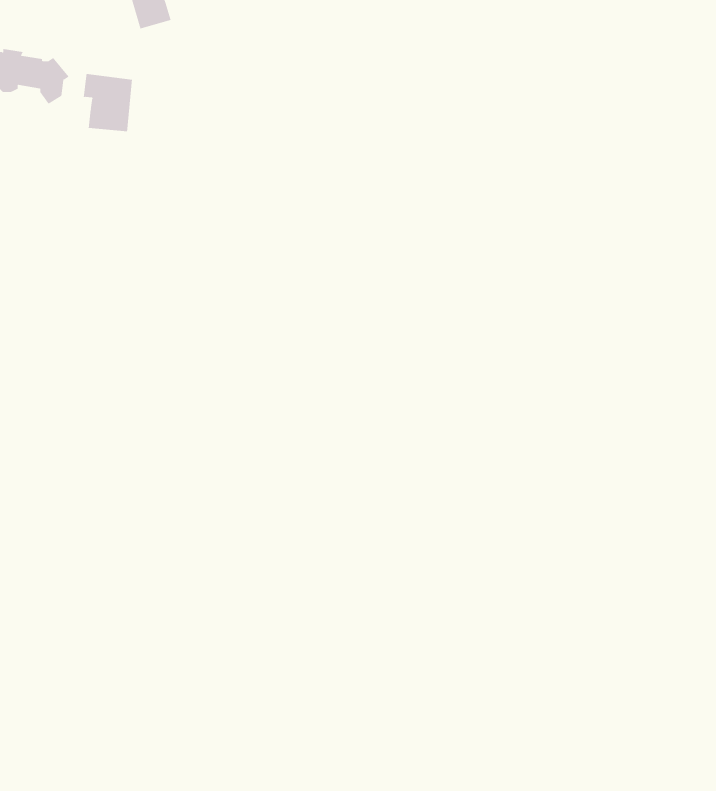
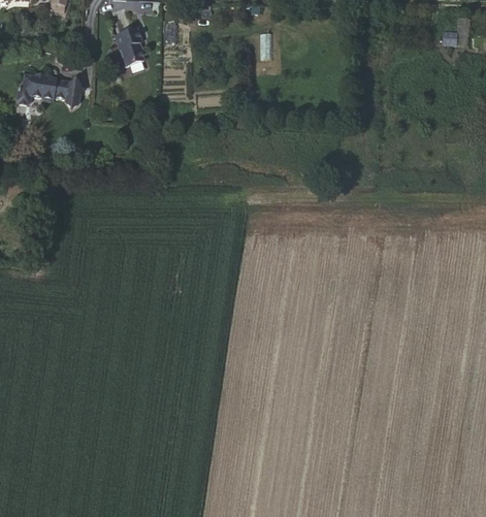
building: [83,73,132,132] -> none

